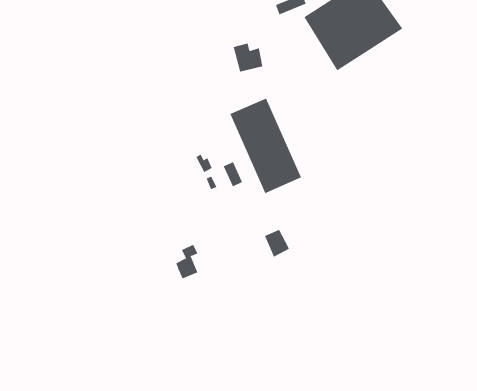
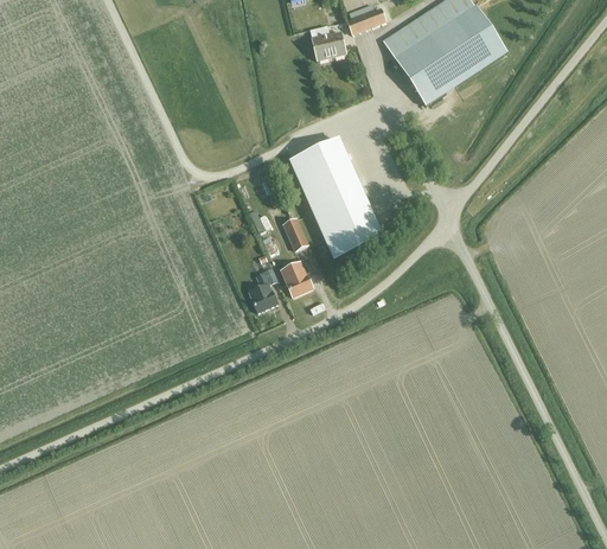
building: [233,43,263,72] -> [308,25,346,62]
building: [264,229,290,257] -> [281,261,313,296]
building: [176,244,198,279] -> [248,268,276,312]

